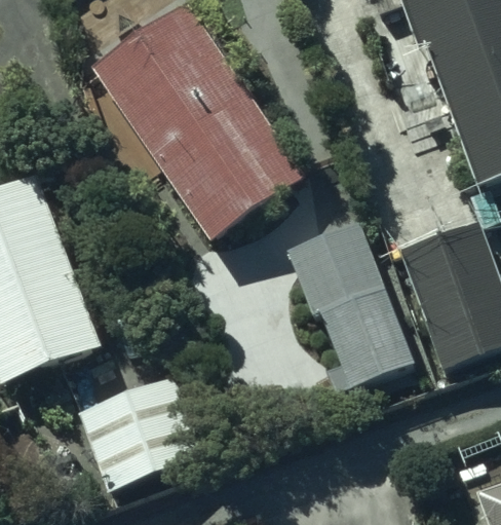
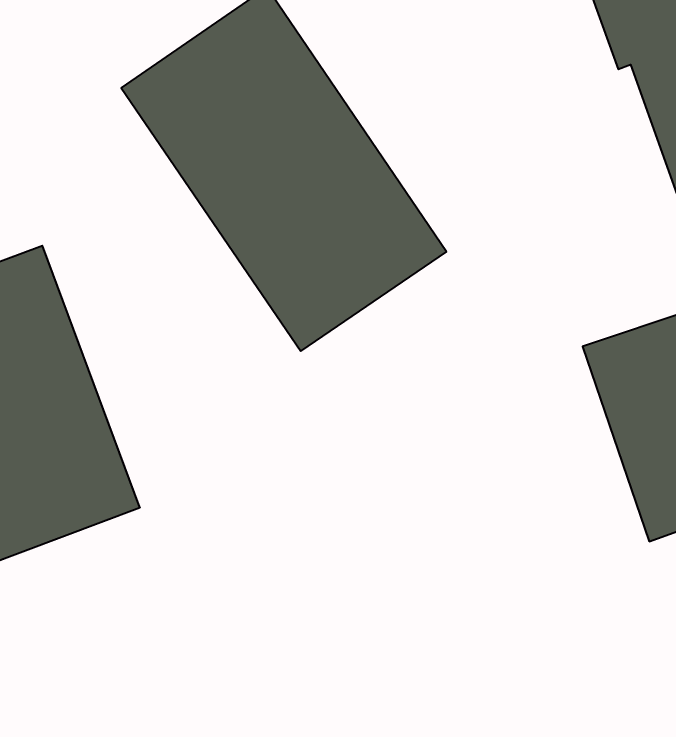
building: [286,222,417,396] -> none
building: [78,371,213,490] -> none

